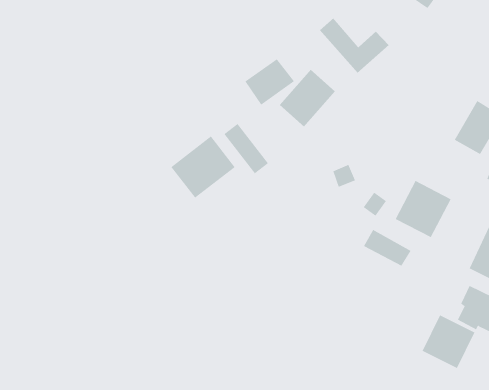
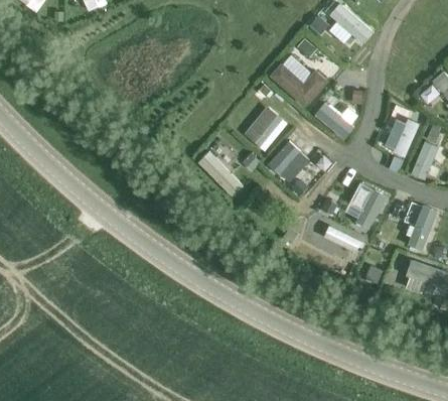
building: [245,58,295,105] -> [266,140,305,178]
building: none -> [312,101,354,138]
building: [170,136,236,199] -> none
building: [422,314,475,369] -> none

